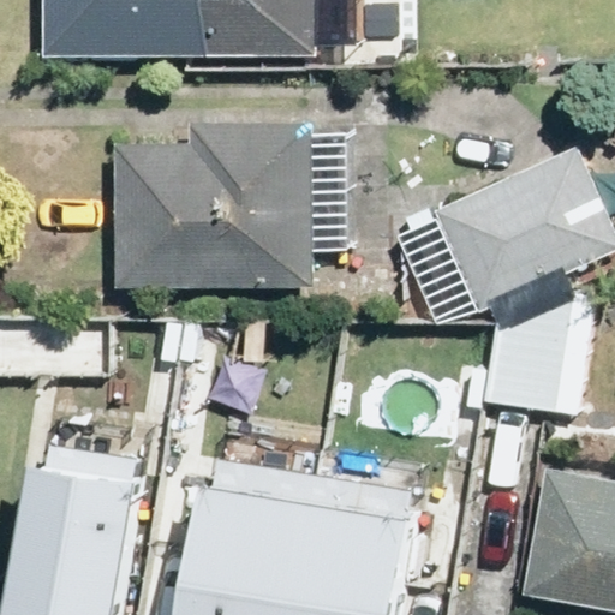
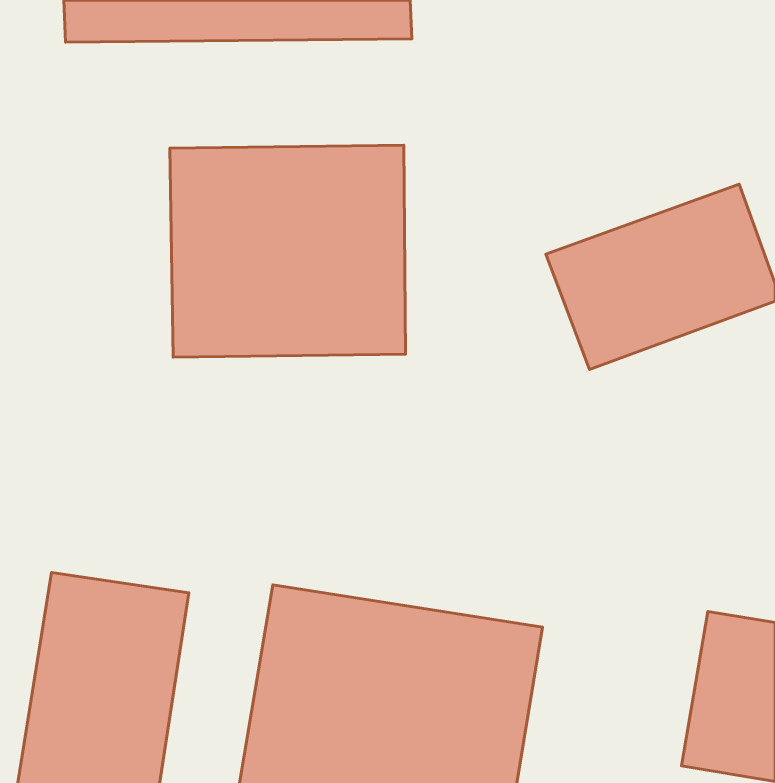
building: [474,305,581,414] -> none

